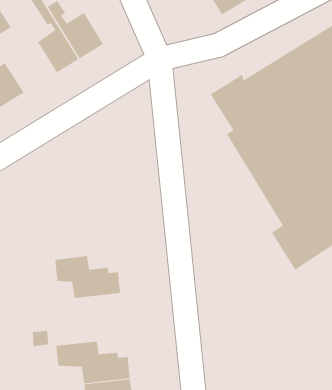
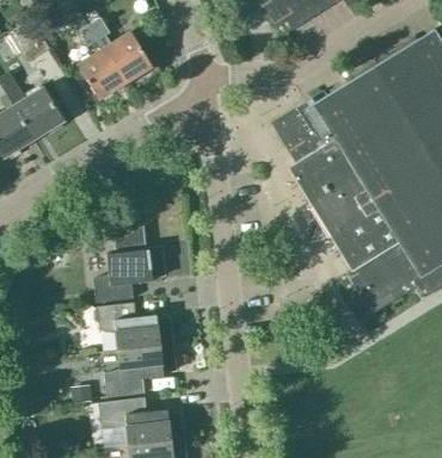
building: none -> [92,229,162,302]
building: none -> [103,344,173,397]

